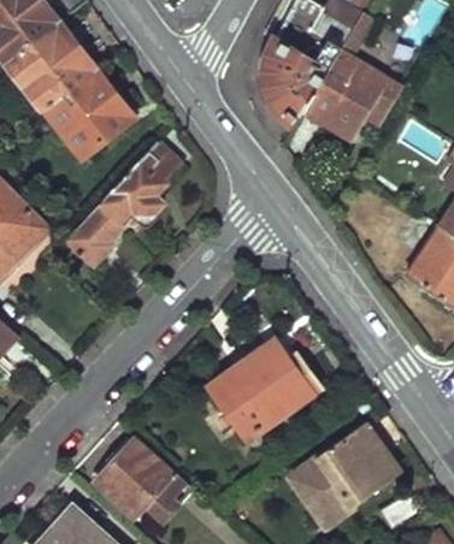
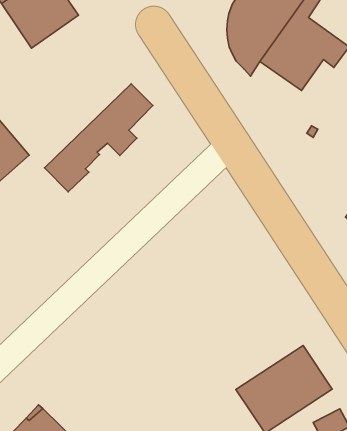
building: [45,69,132,155] -> none
building: [207,339,313,440] -> none
building: [98,439,191,516] -> none

